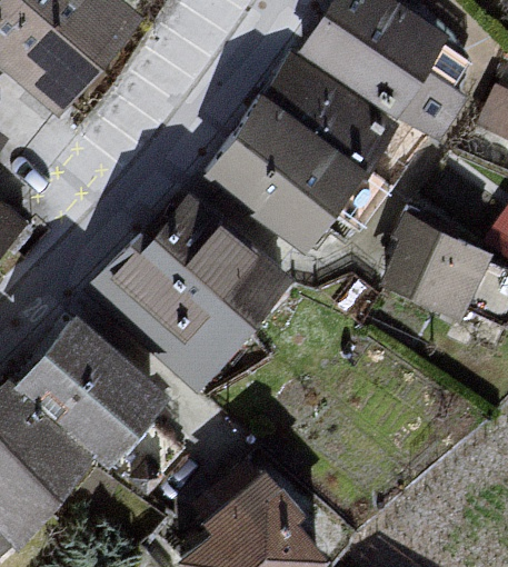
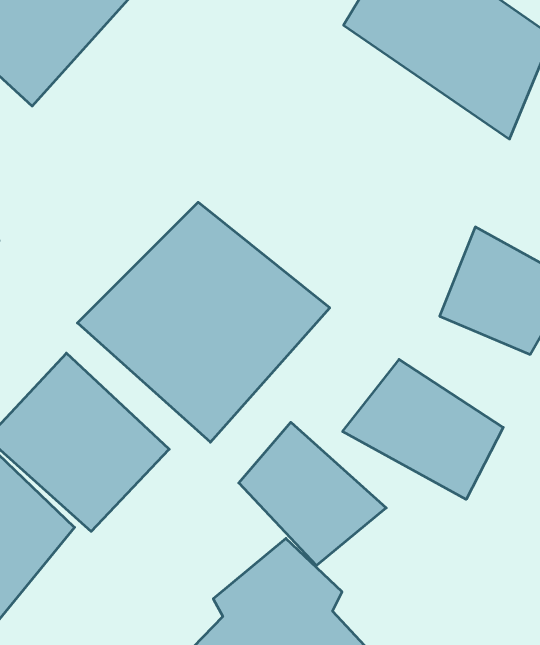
building: [206,56,386,252] -> none
building: none -> [343,359,503,499]
building: none -> [239,422,386,565]

